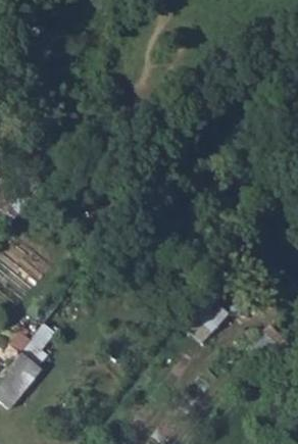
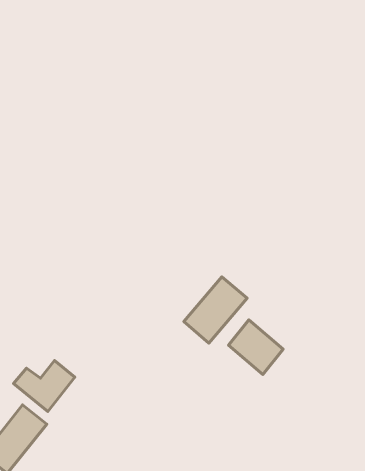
building: none -> [184,277,247,343]

